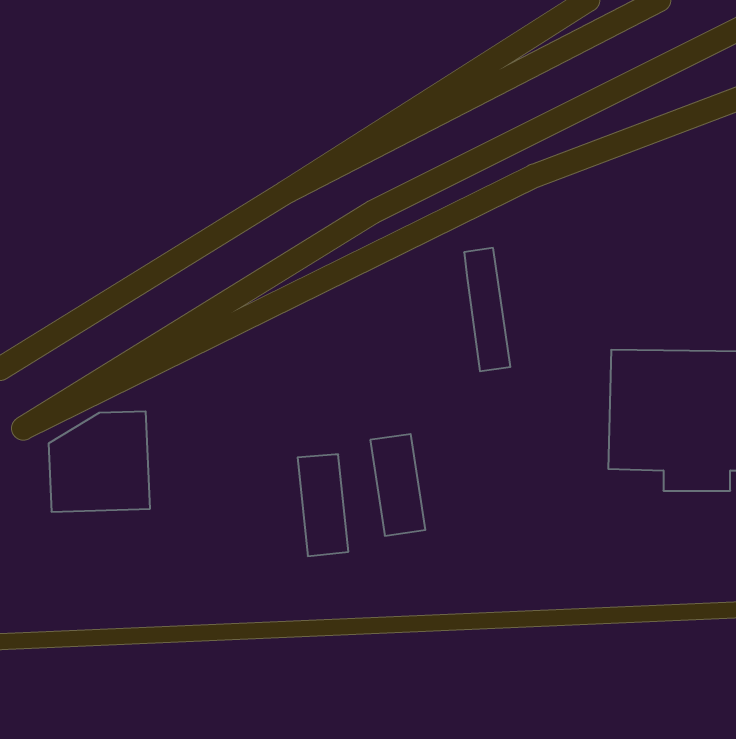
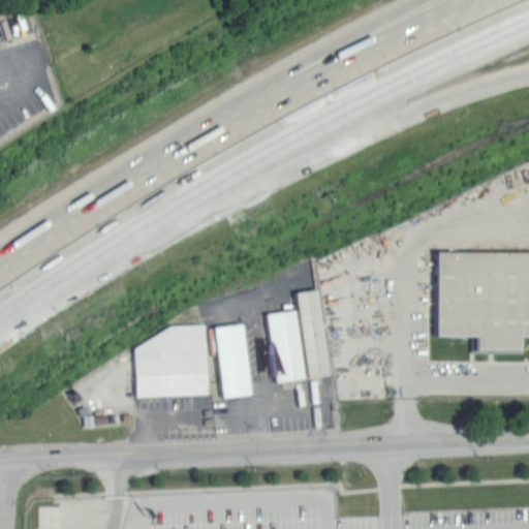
building: [464,248,510,371] -> [298,290,331,378]
building: [49,411,150,512] -> [136,326,209,398]

